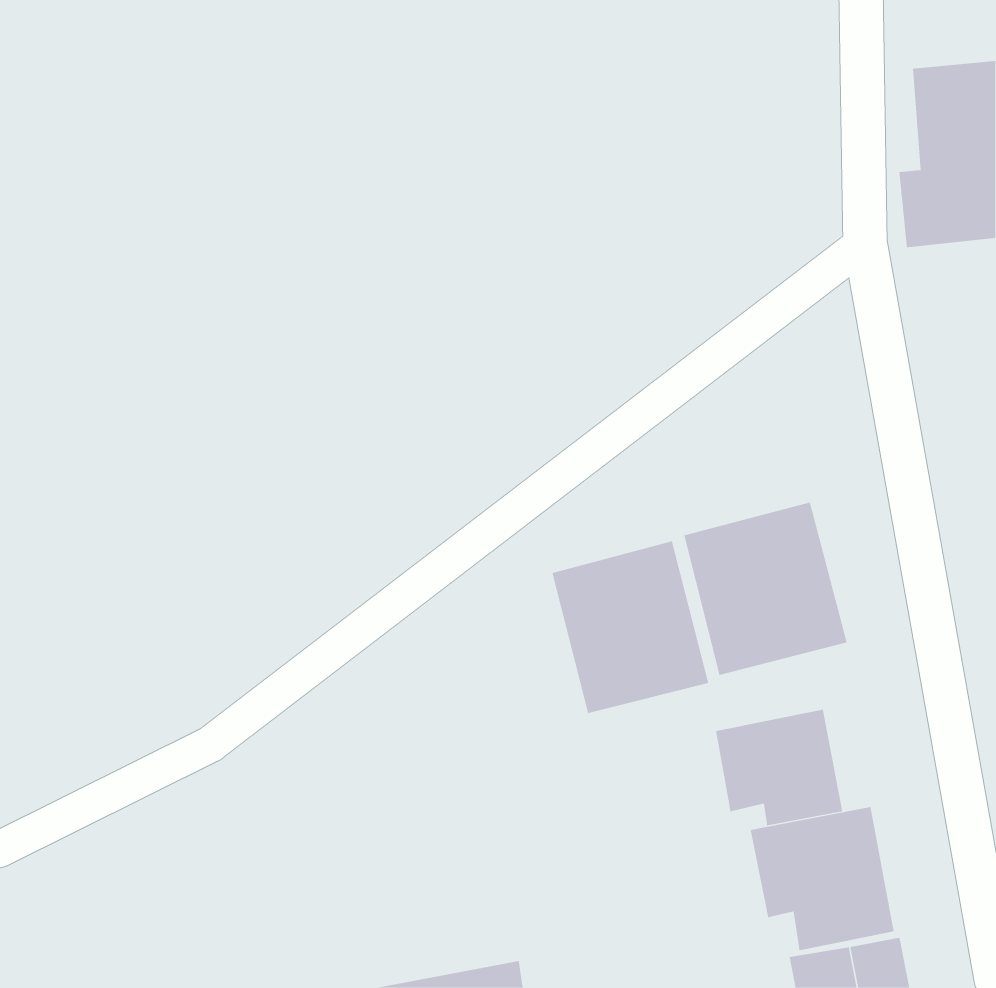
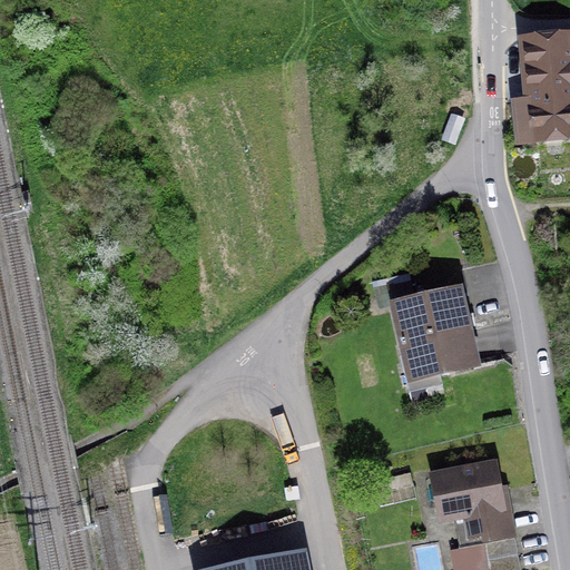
building: [552,541,709,714] -> none
building: [715,709,843,826] -> none

